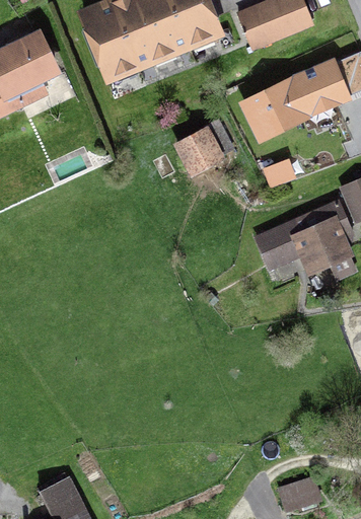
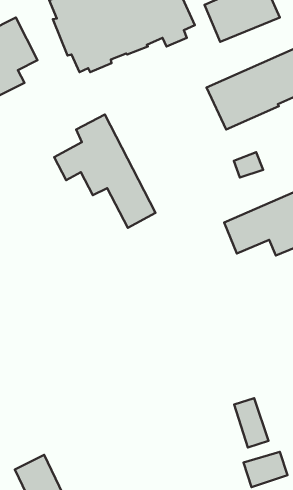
building: none -> [54,114,155,228]
building: [177,129,220,170] -> none
building: none -> [234,398,269,447]

